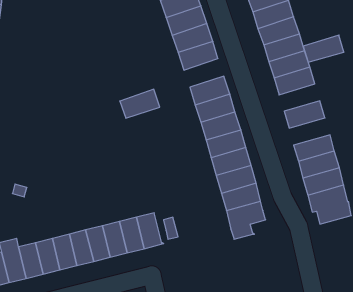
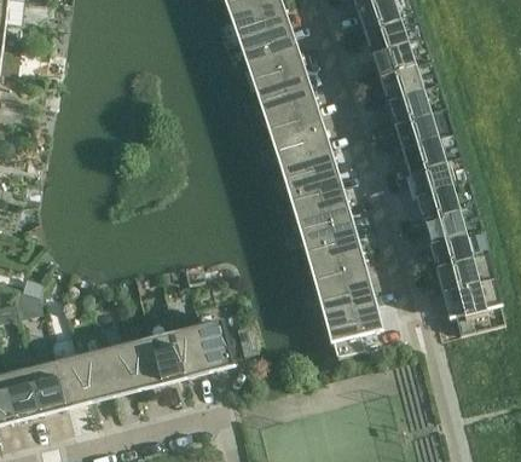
building: [303,35,344,62] -> [399,134,457,173]
building: [120,89,160,118] -> [264,98,320,139]
building: none -> [413,183,471,221]

